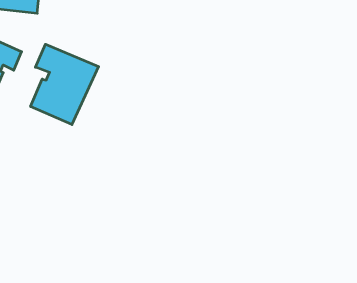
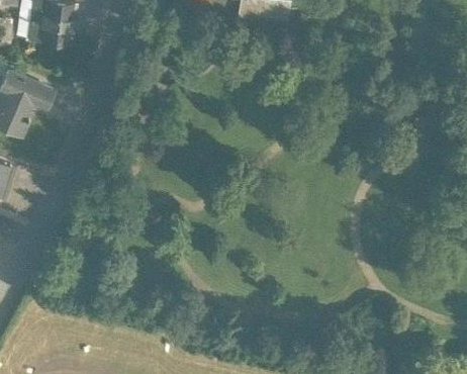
building: [31,44,99,125] -> none

